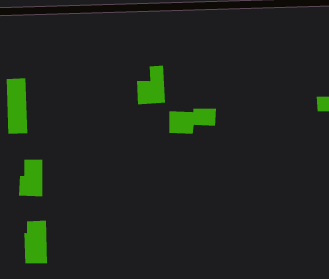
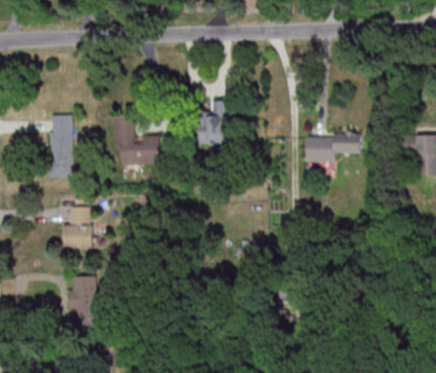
building: none -> [114,114,161,165]
building: [168,108,217,134] -> [306,133,361,163]

